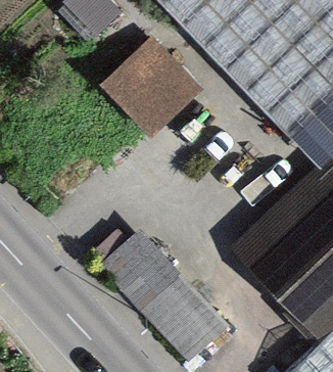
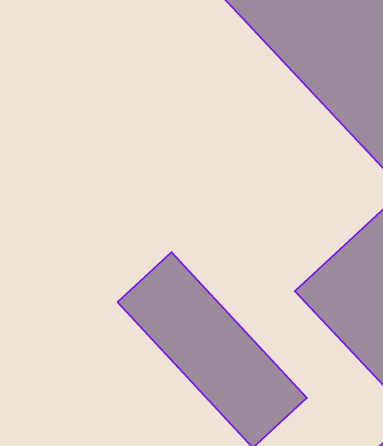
building: [106,39,207,140] -> none

